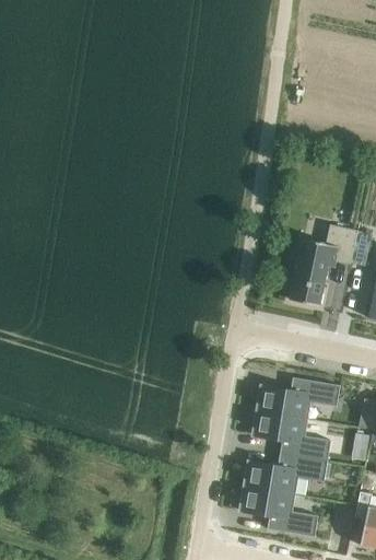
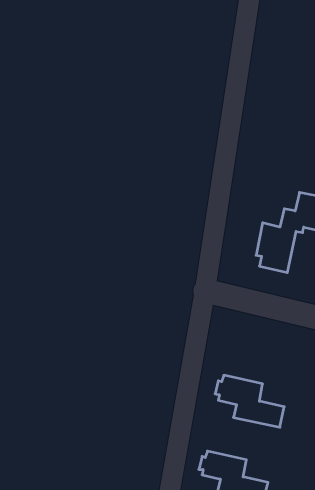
building: [254,375,330,418] -> none
building: [237,452,314,494] -> none

